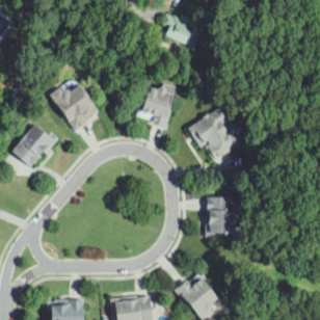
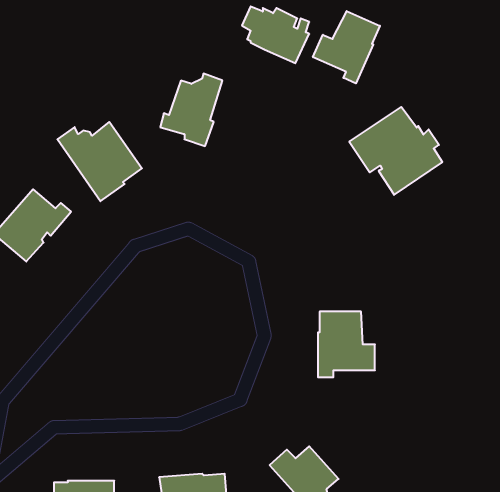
building: none -> [313,11,380,83]
building: [137,82,175,126] -> [160,74,222,146]
building: [187,107,243,160] -> [349,107,442,195]

